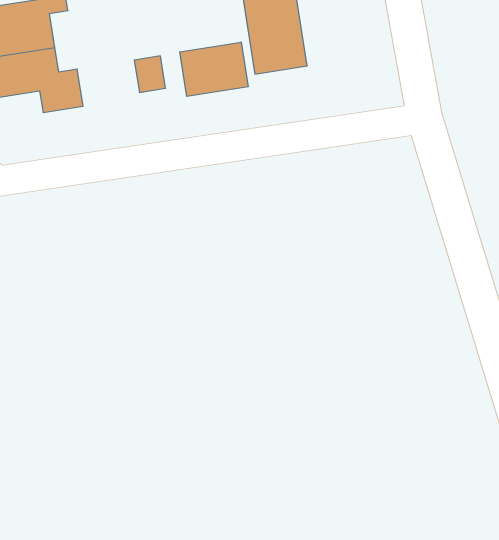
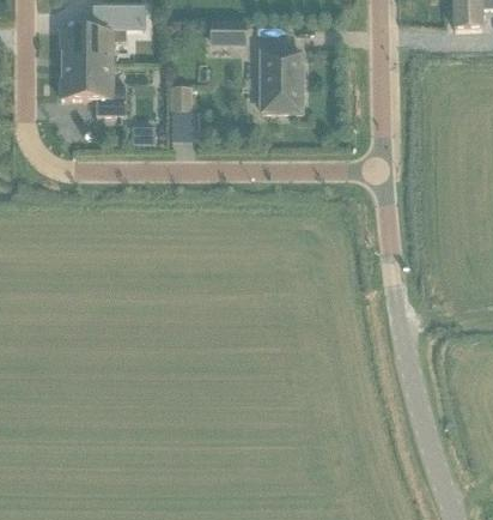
building: [180,42,248,96] -> none

